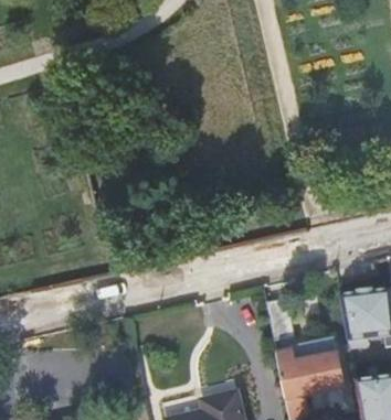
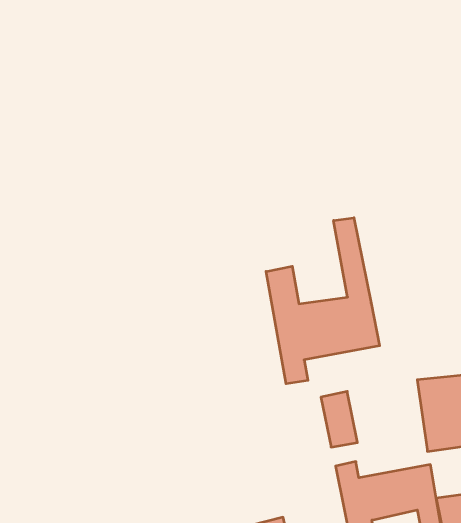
building: none -> [266,218,380,384]

